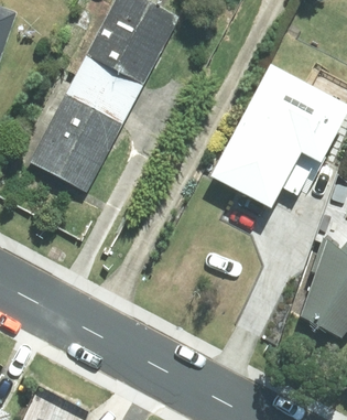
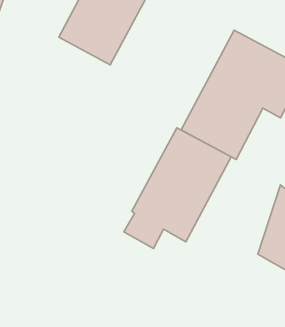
building: [28,73,132,191] -> none
building: none -> [124,128,231,248]

